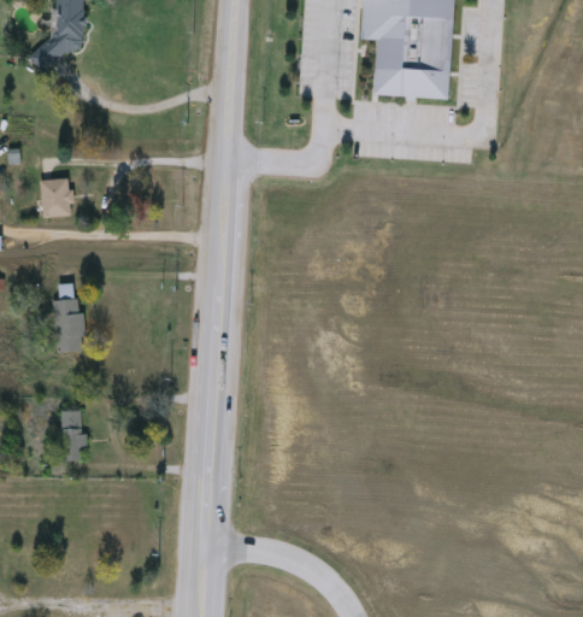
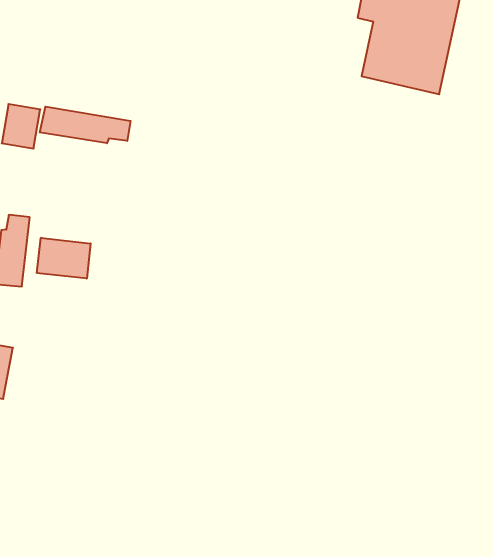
building: none -> [40,107,131,143]
building: none -> [37,238,91,279]

